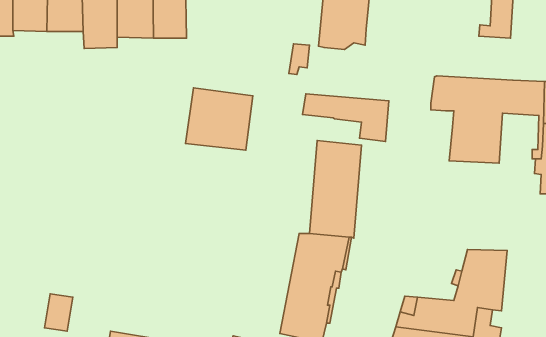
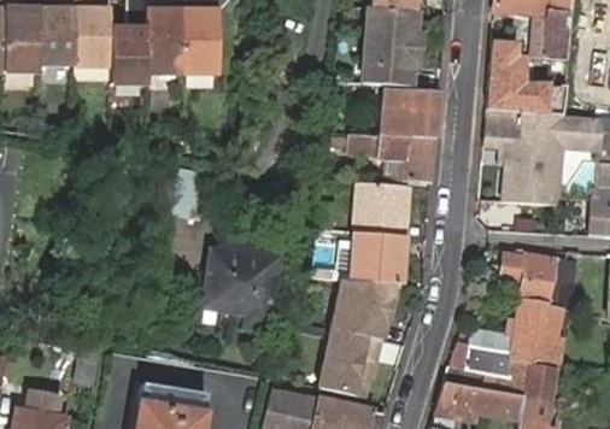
building: none -> [487,43,570,117]
building: none -> [350,90,441,139]
building: [186,88,253,150] -> [204,251,275,317]
building: none -> [504,254,567,298]

